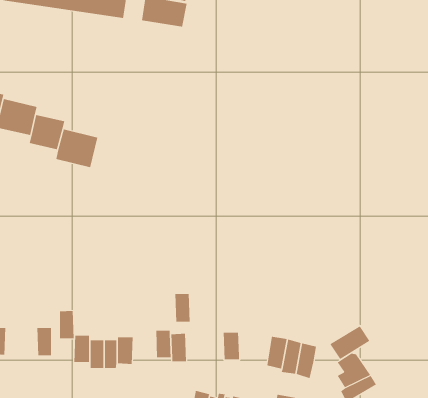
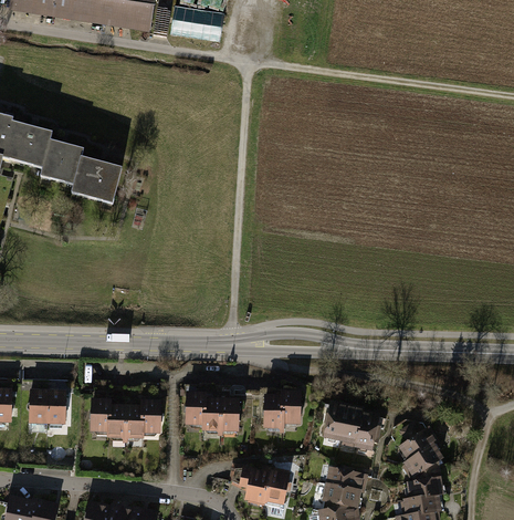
building: [174,294,191,322] -> [222,397,241,430]
building: [59,310,74,339] -> [32,391,50,424]
building: [330,325,370,360] -> none
building: none -> [284,392,303,424]

